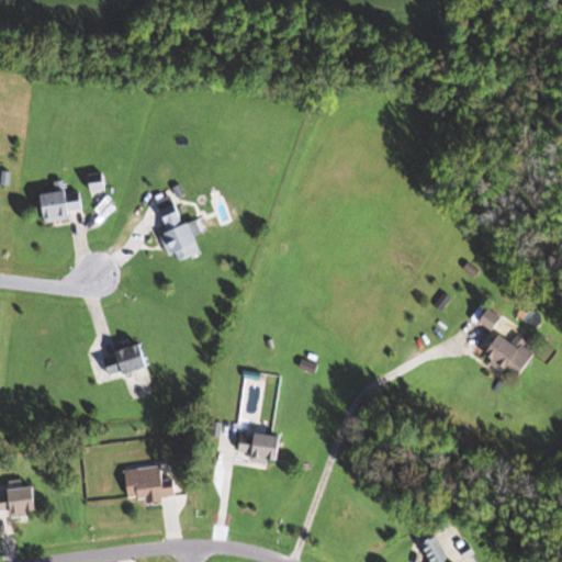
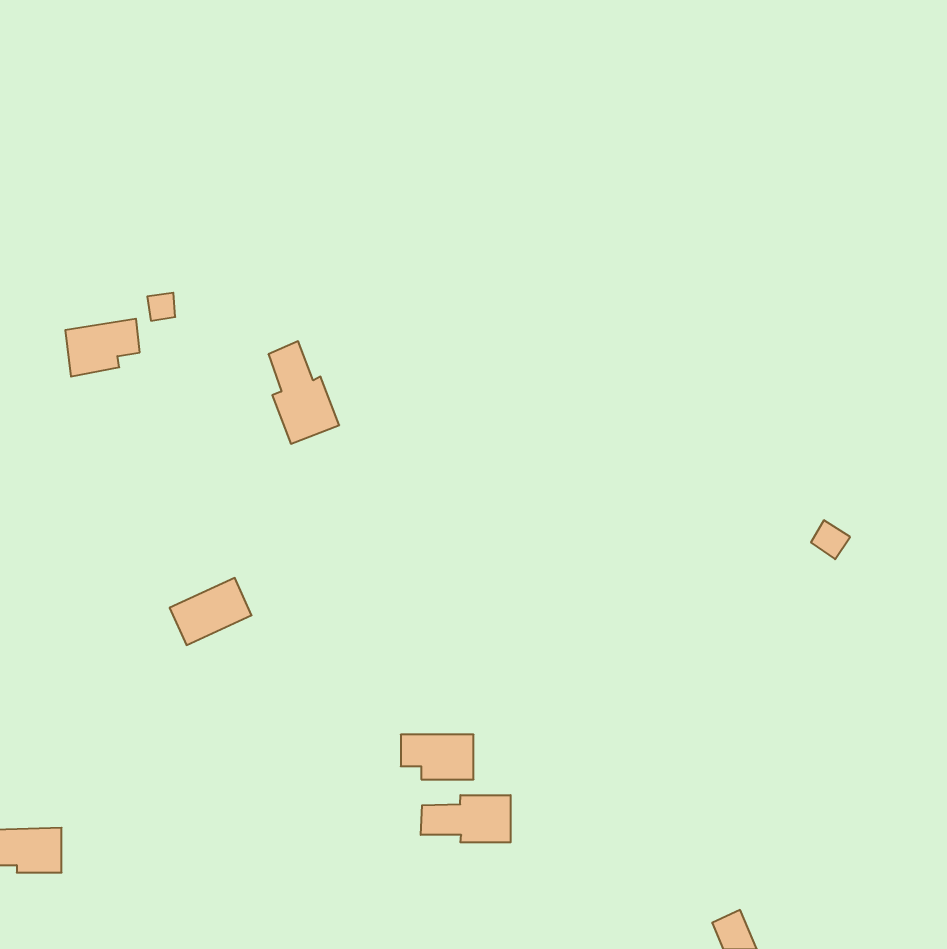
building: [480,329,532,374] -> none
building: [122,464,175,501] -> none
building: none -> [421,795,511,842]

